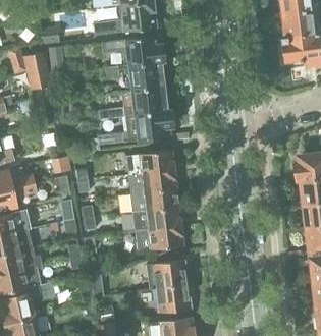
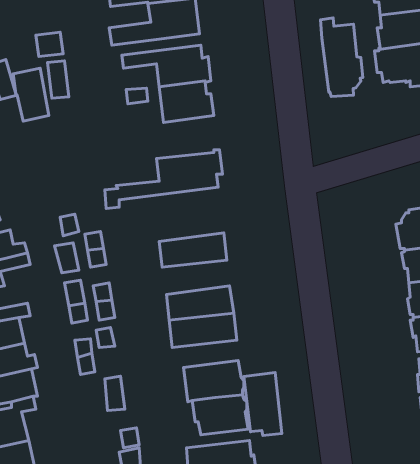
building: none -> [320,18,363,97]
building: [98,86,168,120] -> none
building: [125,151,173,175] -> none
building: [129,188,177,213] -> none
building: none -> [244,372,282,435]

